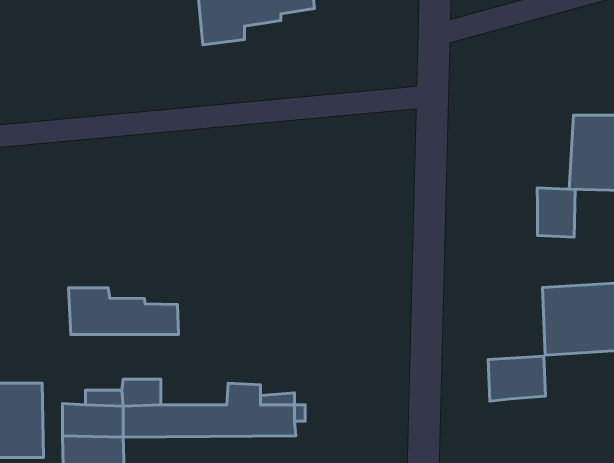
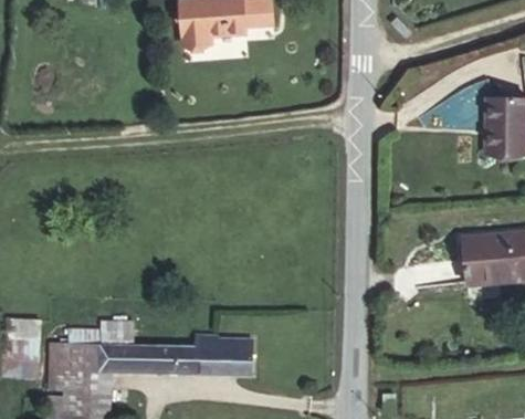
building: [537,188,575,237] -> none
building: [68,288,178,335] -> none
building: [488,356,546,401] -> none

